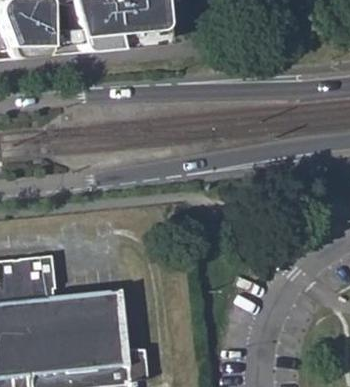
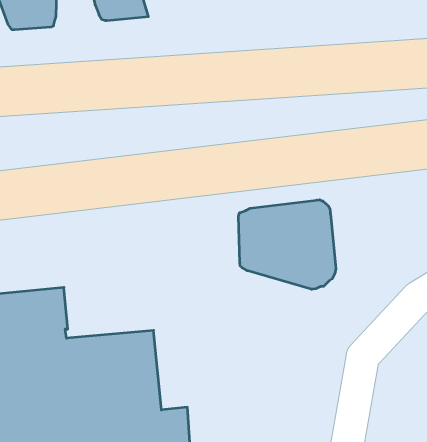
building: none -> [238,200,336,289]

